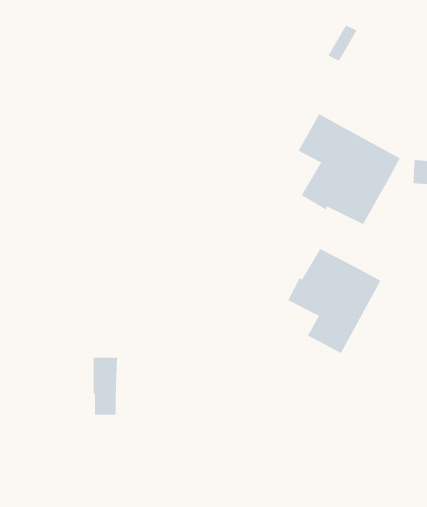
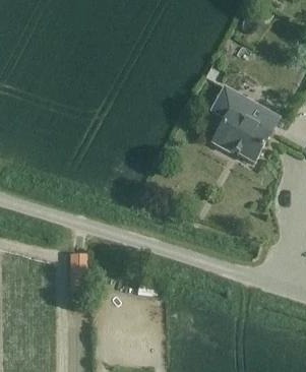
building: [288,248,381,354] -> none

